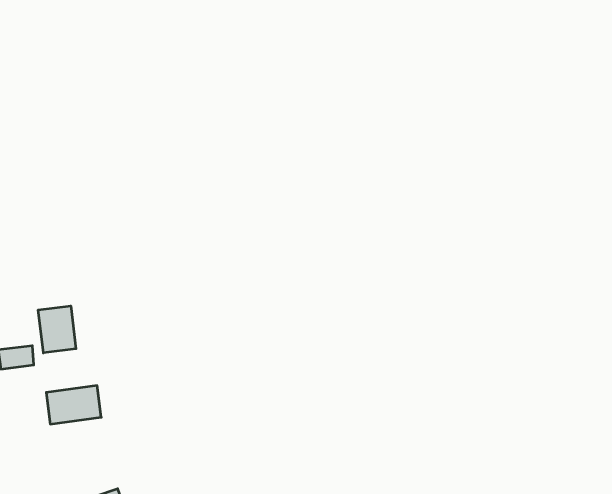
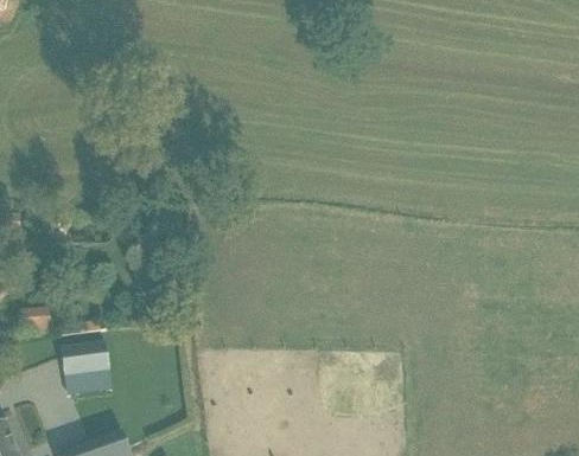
building: [38,306,76,353] -> none

